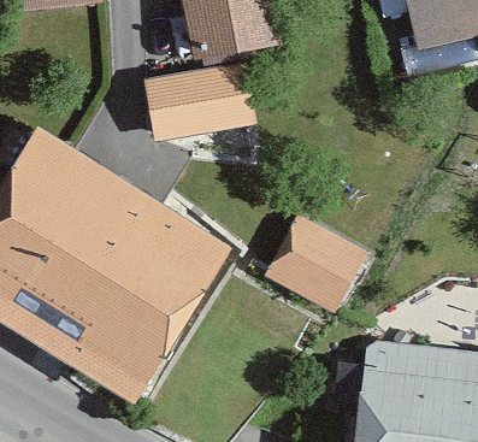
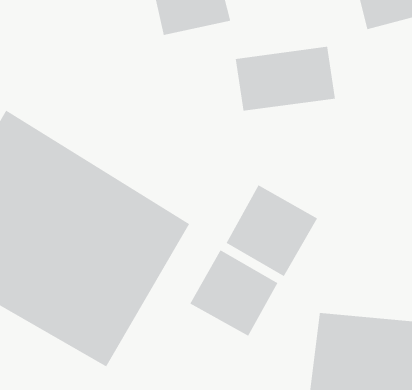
building: [146,66,253,136] -> [235,46,336,112]
building: none -> [189,249,278,337]

